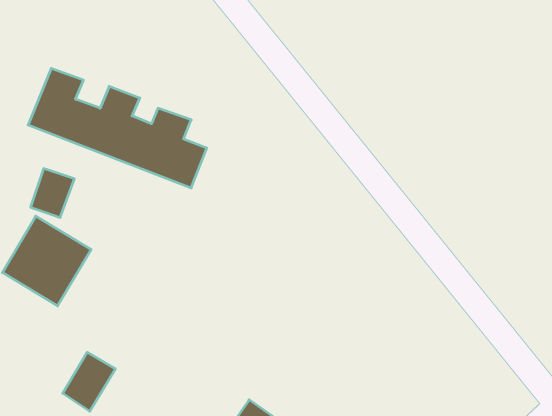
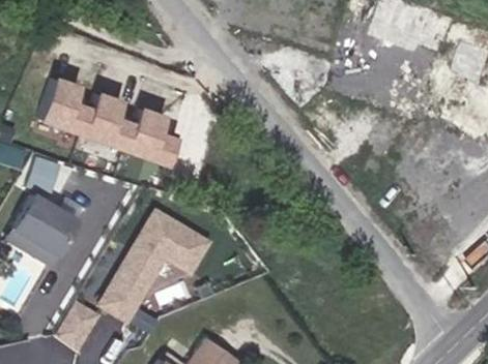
building: none -> [101,209,207,317]

